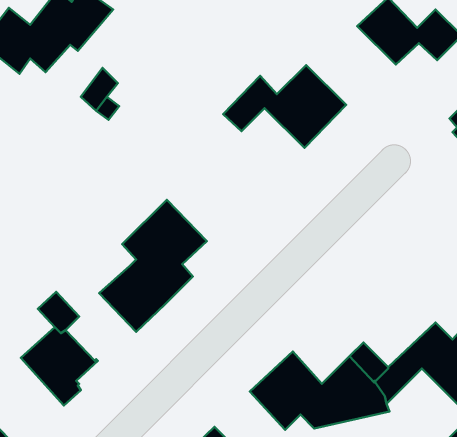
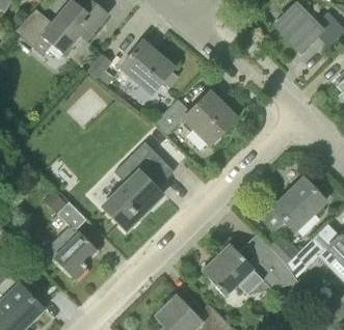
building: none -> [118,42,173,94]
building: [223,65,346,148] -> [154,90,237,146]
building: none -> [257,177,326,232]

